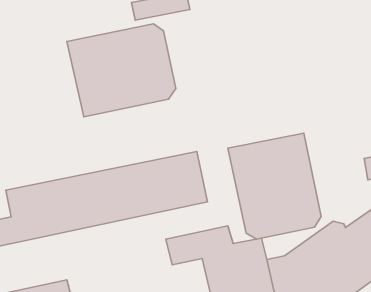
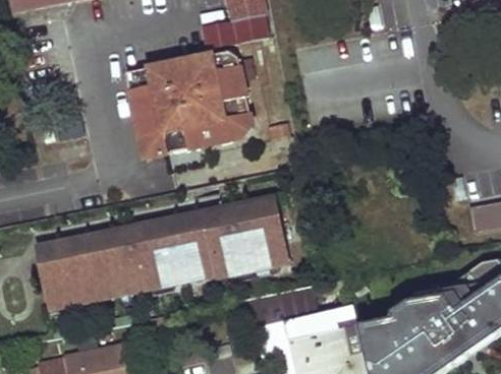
building: [228,133,321,239] -> none

